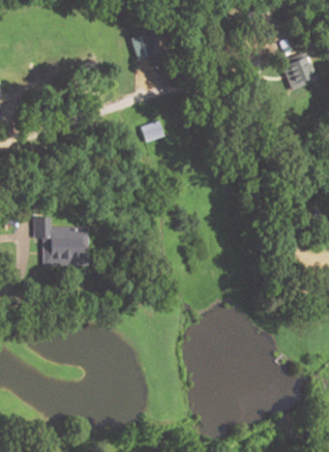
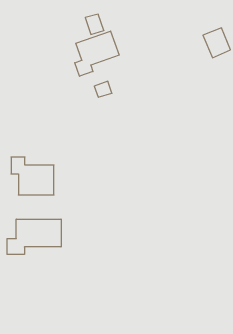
building: none -> [75,31,119,76]
building: none -> [7,219,61,254]

